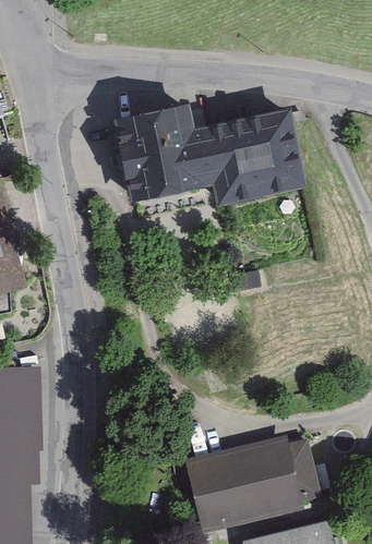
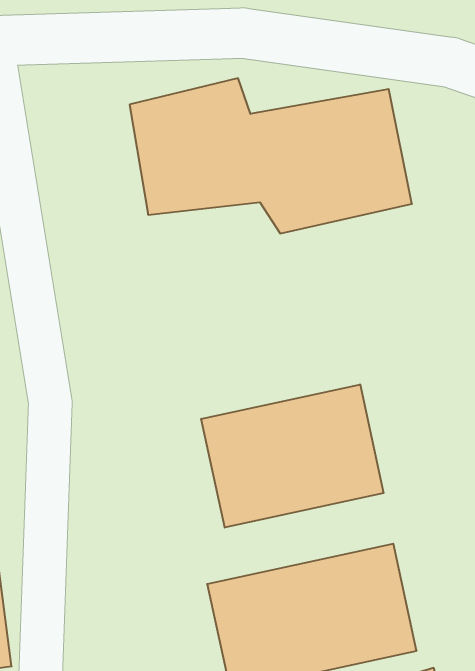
building: none -> [201,384,384,528]

